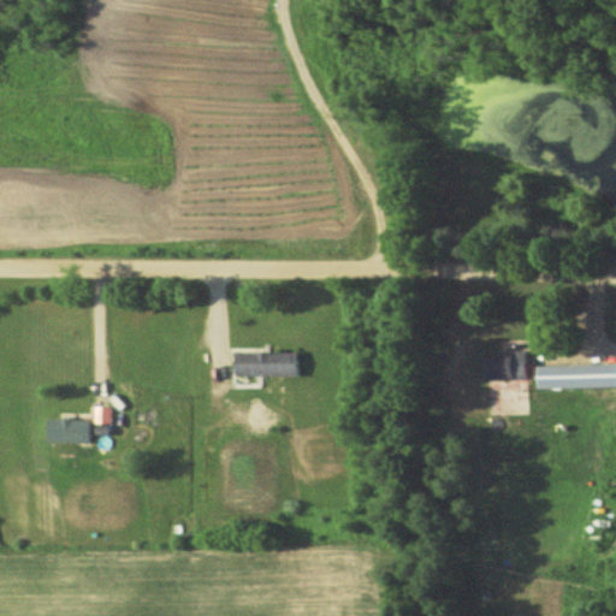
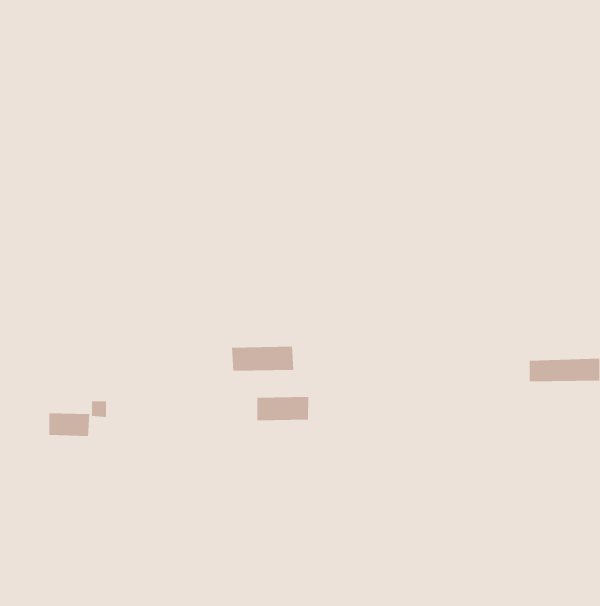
building: [485,350,527,379] -> none
building: none -> [257,396,309,421]

